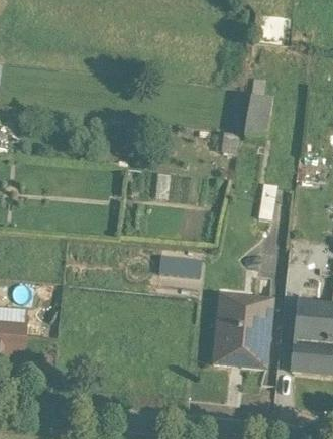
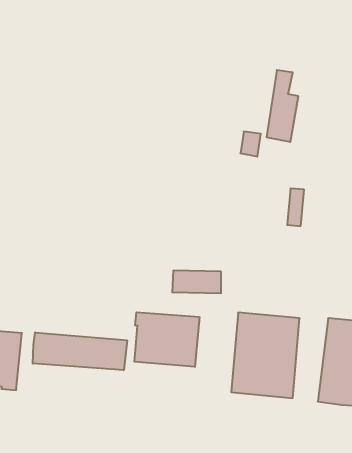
building: none -> [135,312,199,367]
building: none -> [33,332,127,370]

